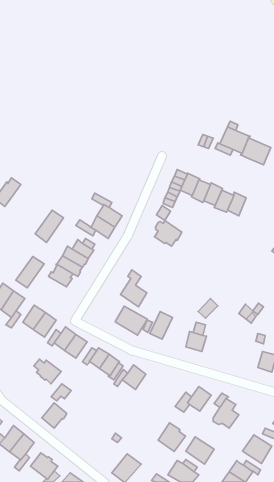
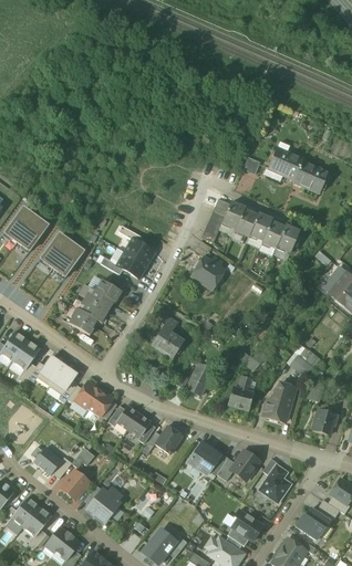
building: none -> [17,216,46,251]
building: [16,256,44,288] -> [39,237,72,273]
building: [115,306,147,335] -> none
building: none -> [262,384,294,422]
building: [34,359,61,384] -> [30,447,62,475]
building: none -> [84,486,122,524]
building: [158,423,186,451] -> [187,442,219,475]

